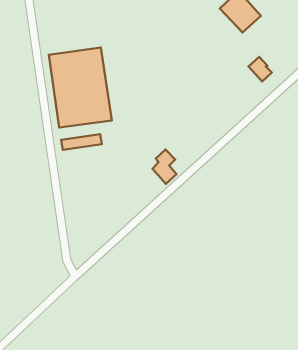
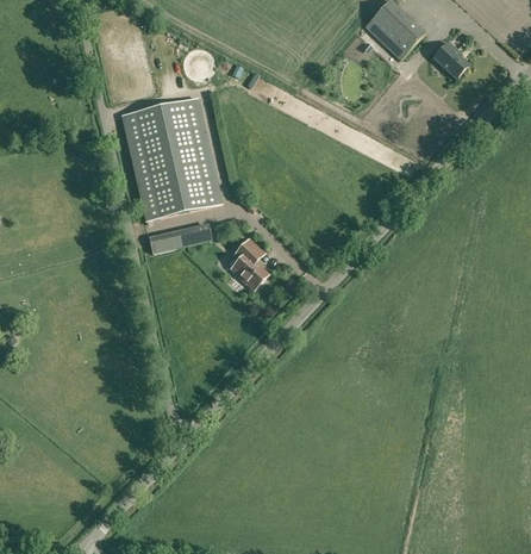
building: [249,57,272,82] -> [433,42,468,77]
building: [152,150,176,184] -> [231,238,267,288]

